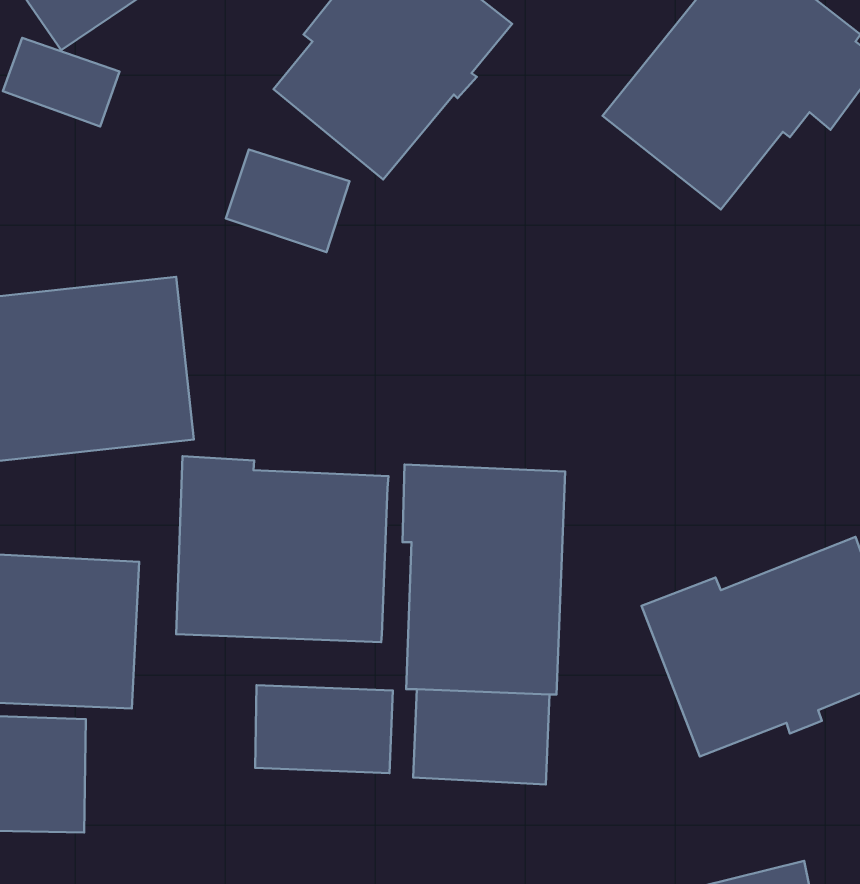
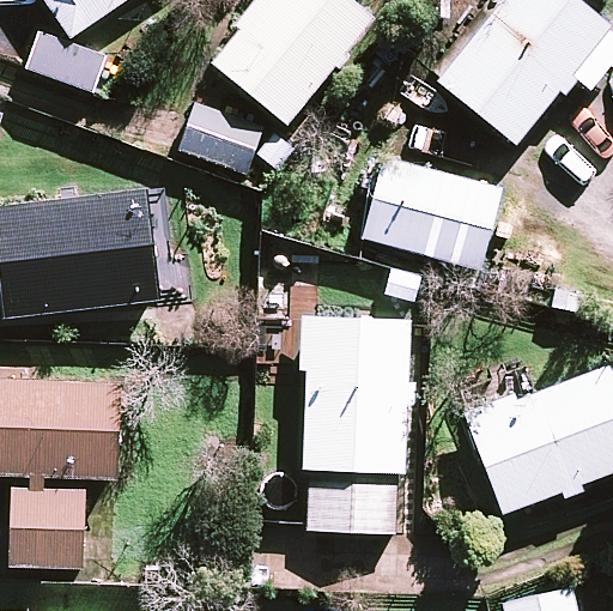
building: none -> [362,157,500,268]
building: [176,456,388,642] -> none
building: [255,685,393,773] -> none

